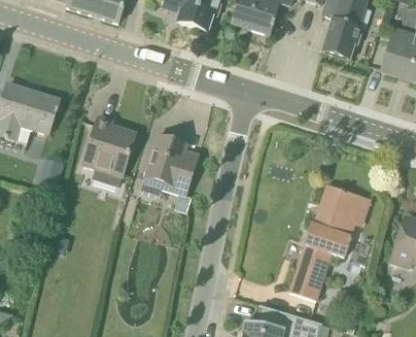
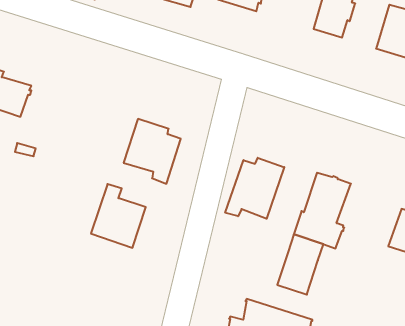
building: [82,116,134,176] -> [91,184,146,248]
building: none -> [225,158,284,219]

